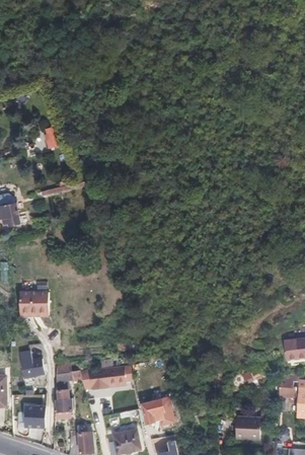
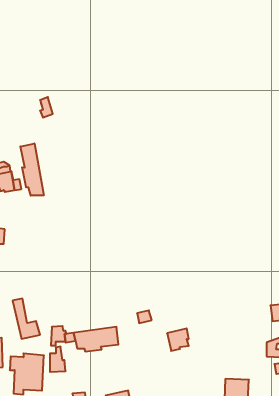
building: none -> [20,143,44,196]
building: [17,294,48,317] -> none
building: [141,399,163,423] -> [167,328,189,351]

